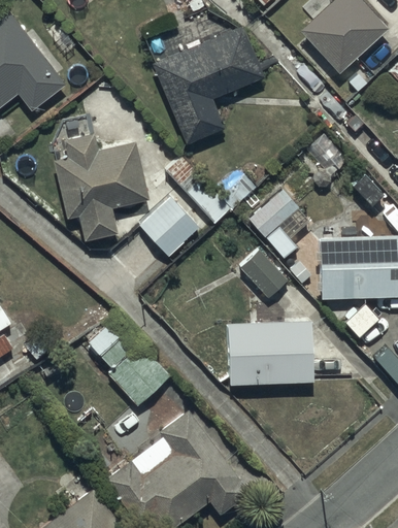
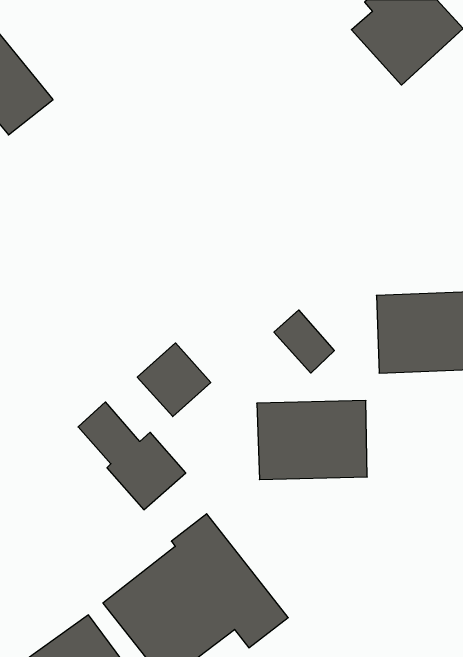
building: [151,25,264,143] -> none
building: [52,134,148,240] -> none
building: [248,191,298,260] -> none
building: [140,199,198,257] -> [137,343,211,417]

